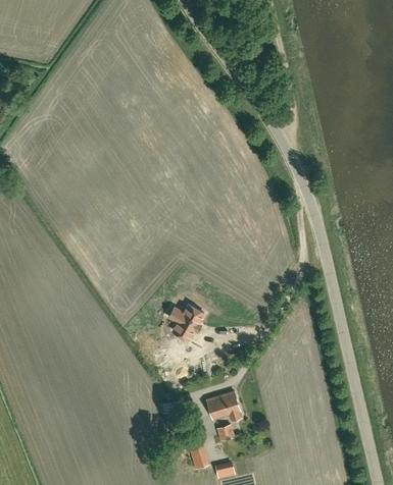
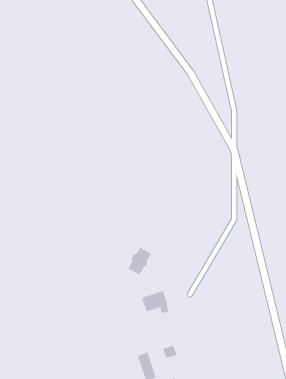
building: [206,391,241,421] -> [141,290,169,314]

